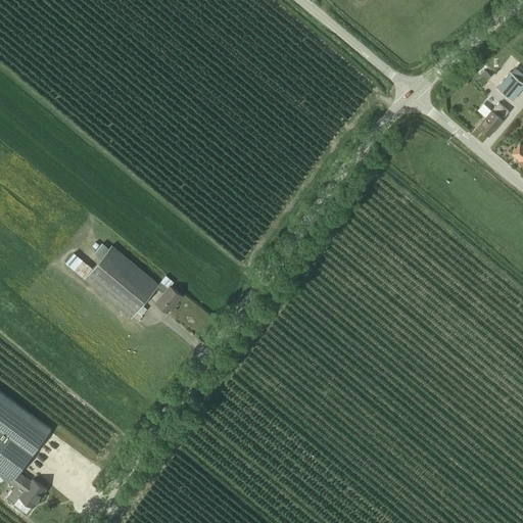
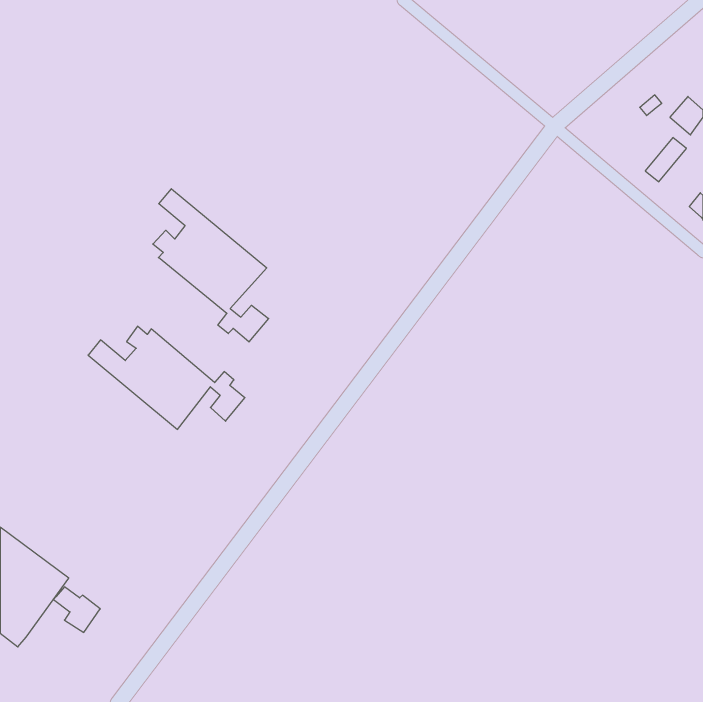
building: none -> [153,189,269,342]
building: [11,474,46,508] -> [53,587,100,632]

